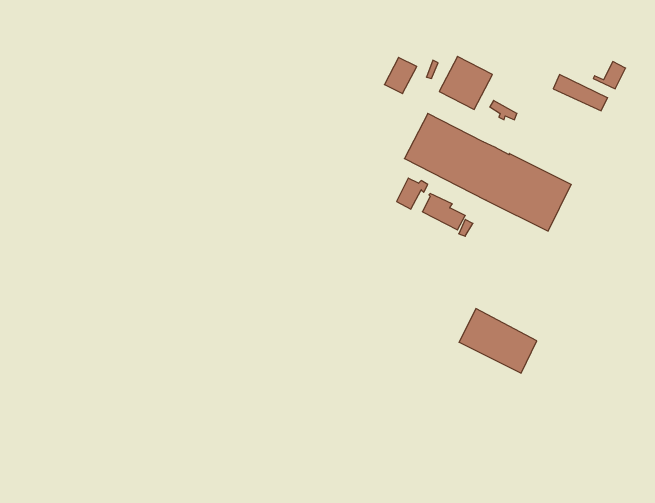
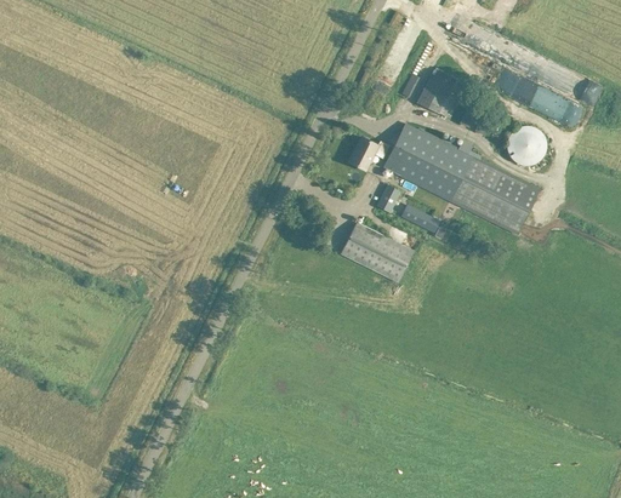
building: [384,57,417,94] -> [348,137,378,171]
building: none -> [501,122,545,167]
building: [459,309,537,373] -> [340,222,412,282]

